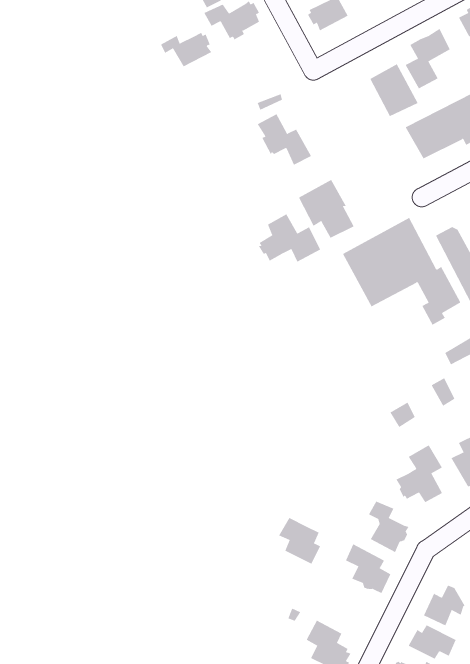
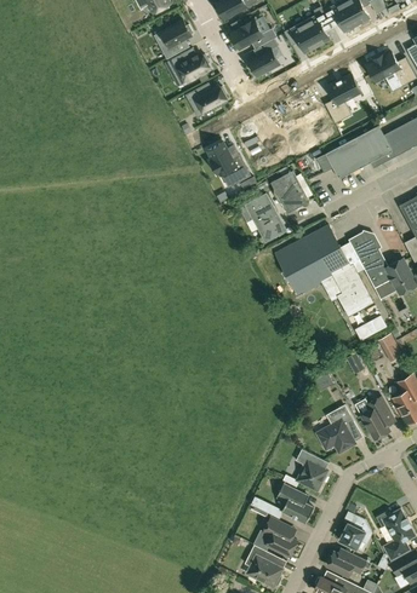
building: [160,32,212,67] -> [187,85,228,113]
building: [370,64,418,117] -> [272,169,310,212]
building: [258,214,321,262] -> none
building: [278,517,321,565] -> [263,517,297,554]

